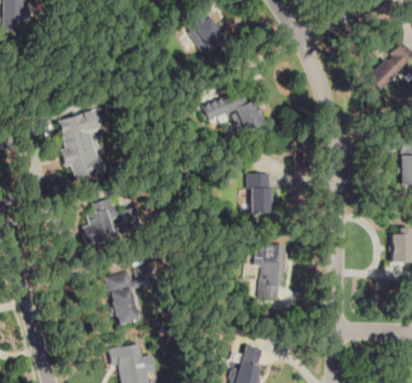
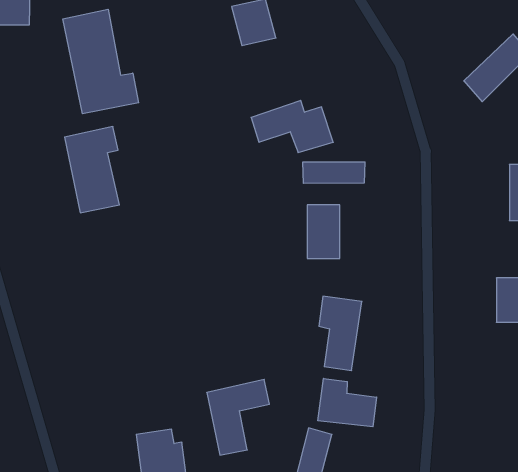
building: none -> [63,9,139,114]
building: none -> [303,162,365,183]
building: [83,198,144,241] -> none
building: [108,265,156,324] -> [207,379,269,455]
building: none -> [318,378,377,427]

